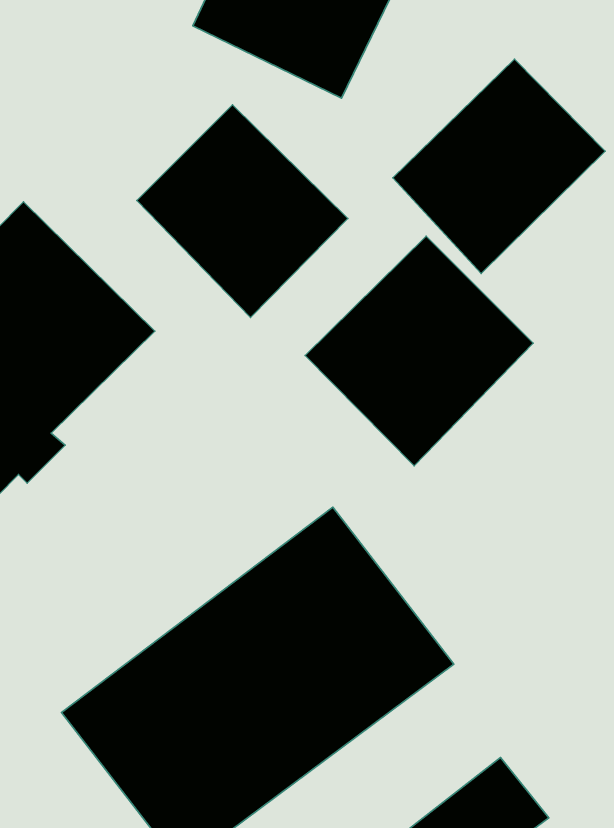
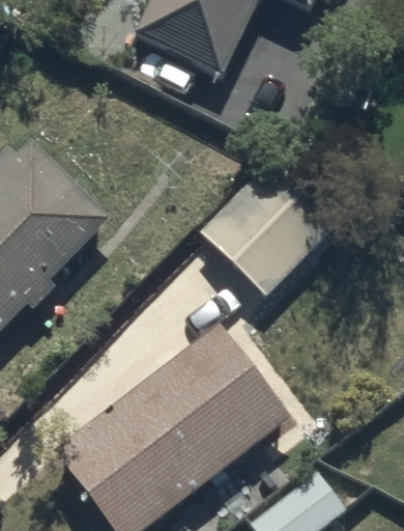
building: [393,59,605,273] -> none
building: [137,105,348,317] -> none

